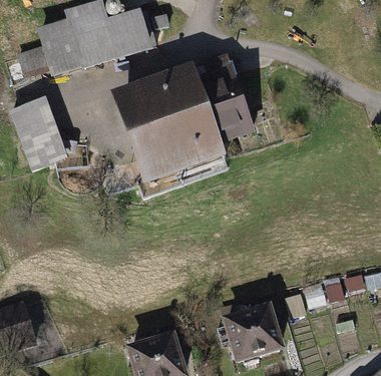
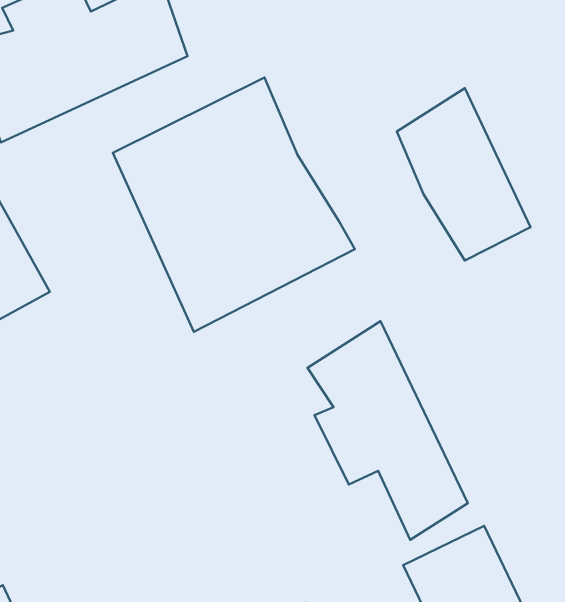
building: [192,55,252,141] -> [397,88,530,260]
building: none -> [307,321,468,540]

